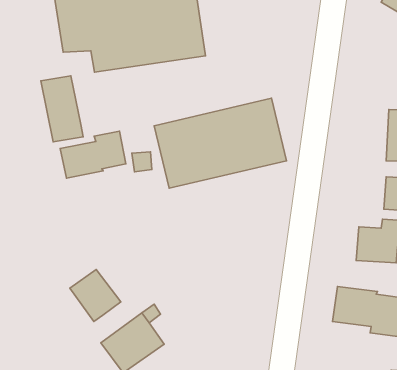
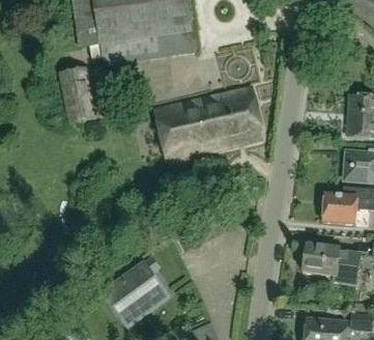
building: [60,131,126,178] -> none
building: [70,270,121,322] -> none

